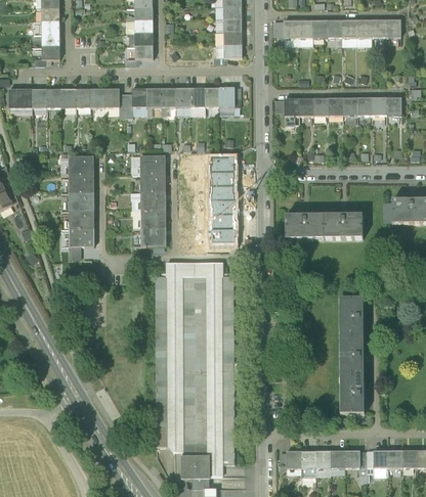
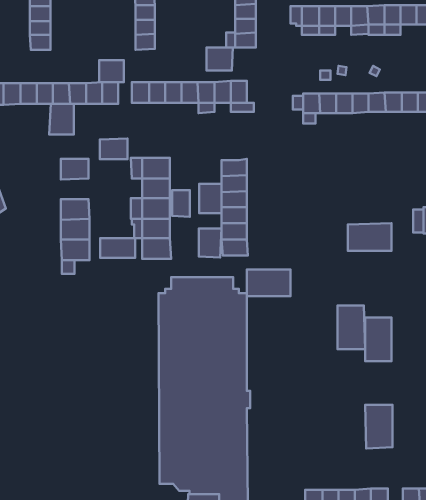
building: none -> [207,48,233,71]
building: none -> [99,60,124,82]
building: none -> [49,104,74,134]
building: [68,174,92,192] -> [100,138,127,159]
building: none -> [199,184,222,213]
building: none -> [172,190,190,217]
building: [285,215,324,238] -> [247,270,290,296]
building: none -> [199,229,222,258]
building: none -> [100,238,135,258]
building: [339,336,364,375] -> [337,306,365,349]

